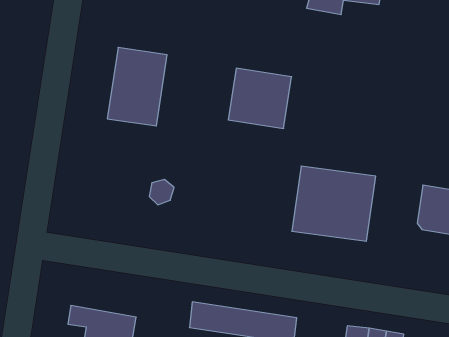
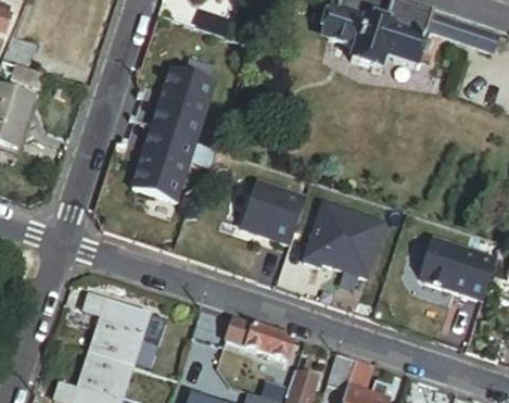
building: [228,68,292,128] -> [241,181,305,243]
building: none -> [133,128,195,200]

